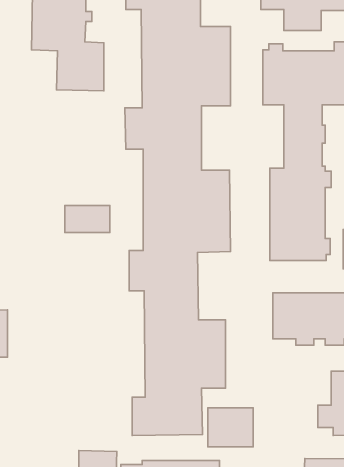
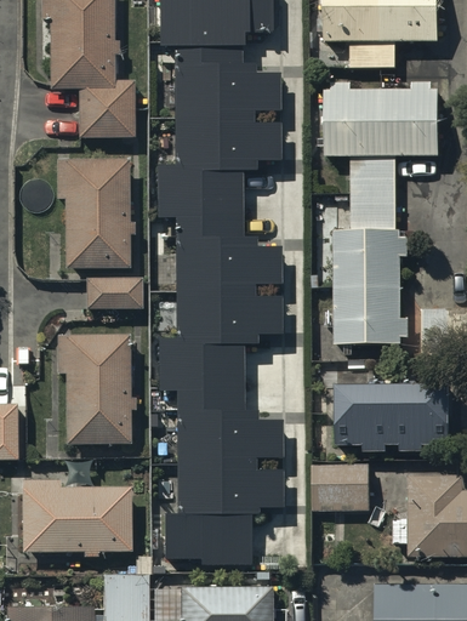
building: none -> [55,158,129,270]
building: none -> [56,335,130,444]
building: none -> [21,480,130,557]
building: [208,408,253,447] -> [313,463,368,511]

